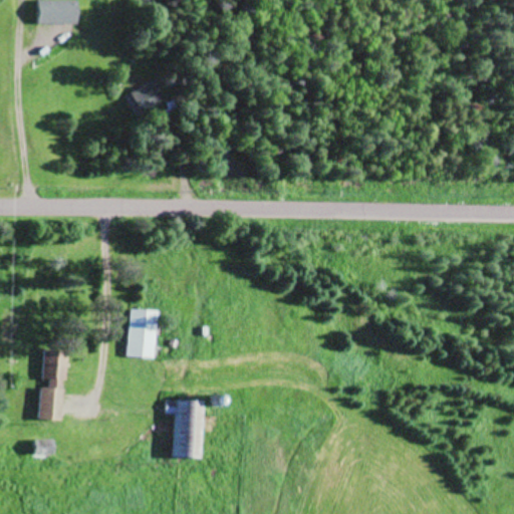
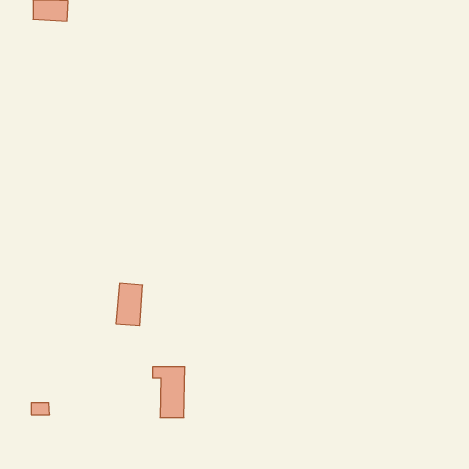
building: [131,81,161,111] -> none
building: [40,354,65,419] -> none

